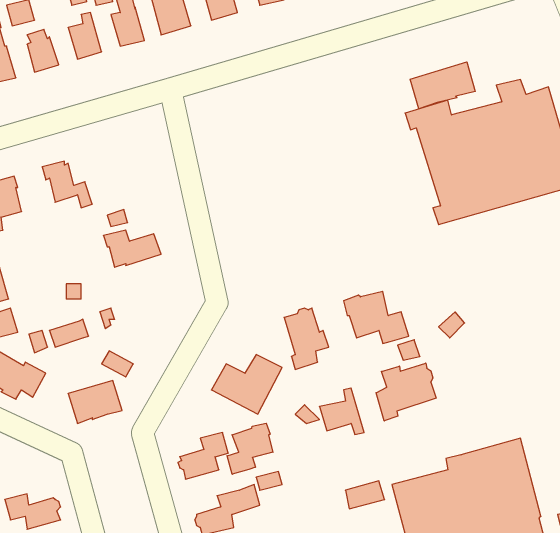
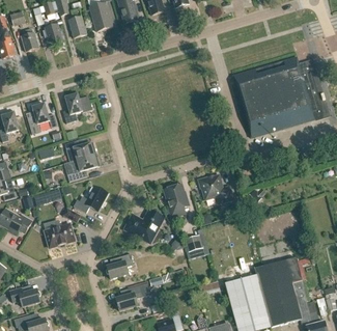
building: [410,62,475,109] -> none
building: none -> [63,91,92,122]
building: none -> [67,154,100,181]
building: none -> [74,186,108,213]
building: [376,363,436,421] -> none
building: [227,423,273,474] -> none

